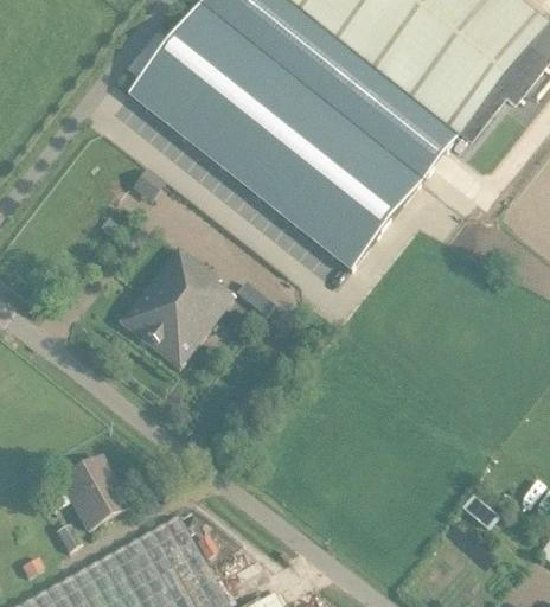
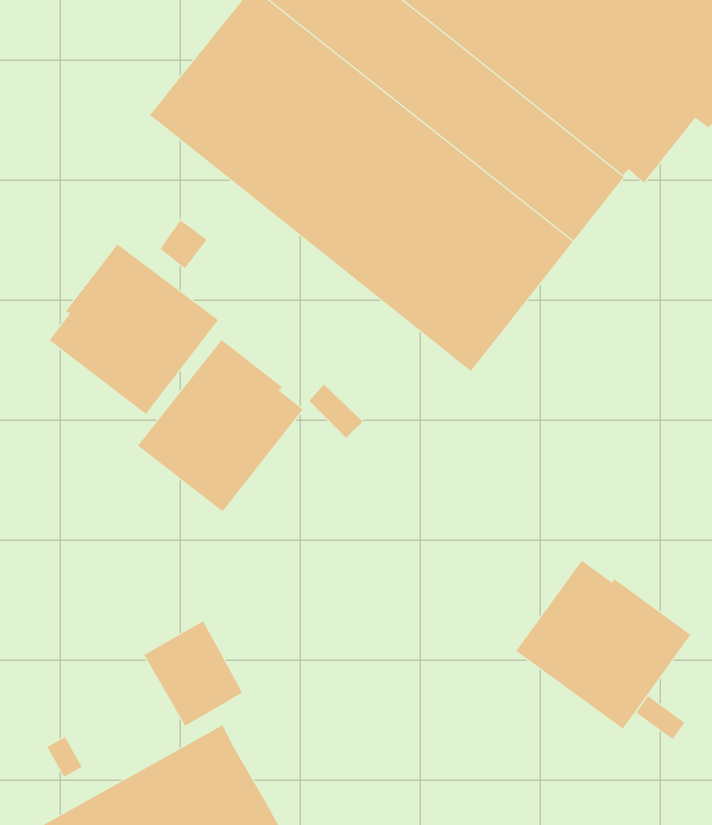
building: none -> [49,243,219,415]
building: none -> [515,560,691,730]
building: [59,456,128,530] -> [144,620,243,727]

